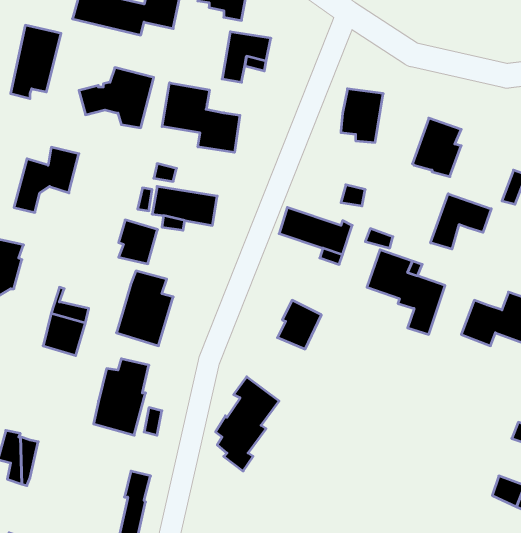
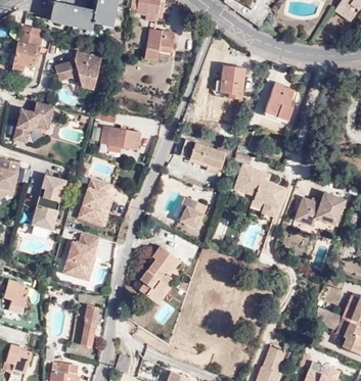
building: [162,83,240,152] -> none
building: [431,194,491,249] -> none
building: [119,220,158,264] -> [42,175,66,202]

